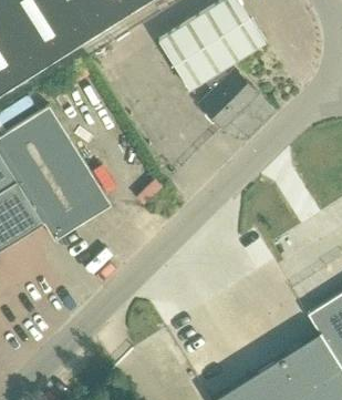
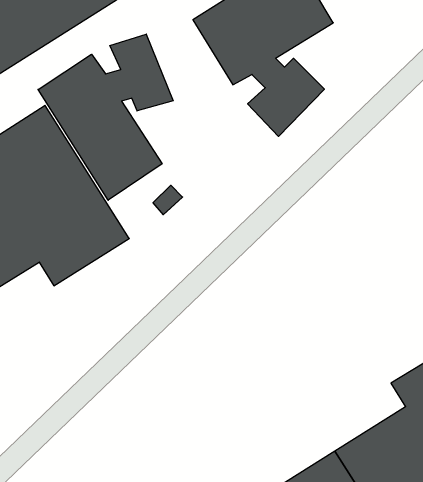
building: none -> [38,34,173,200]

